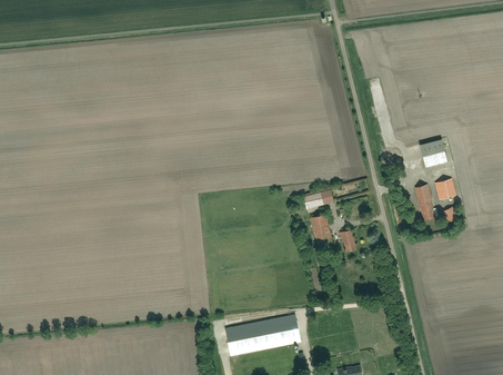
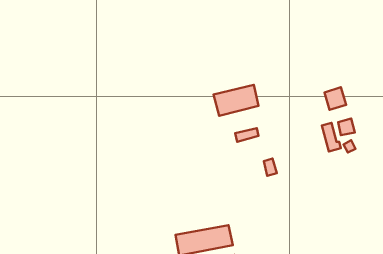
building: none -> [214,85,259,116]
building: [310,214,331,245] -> none

